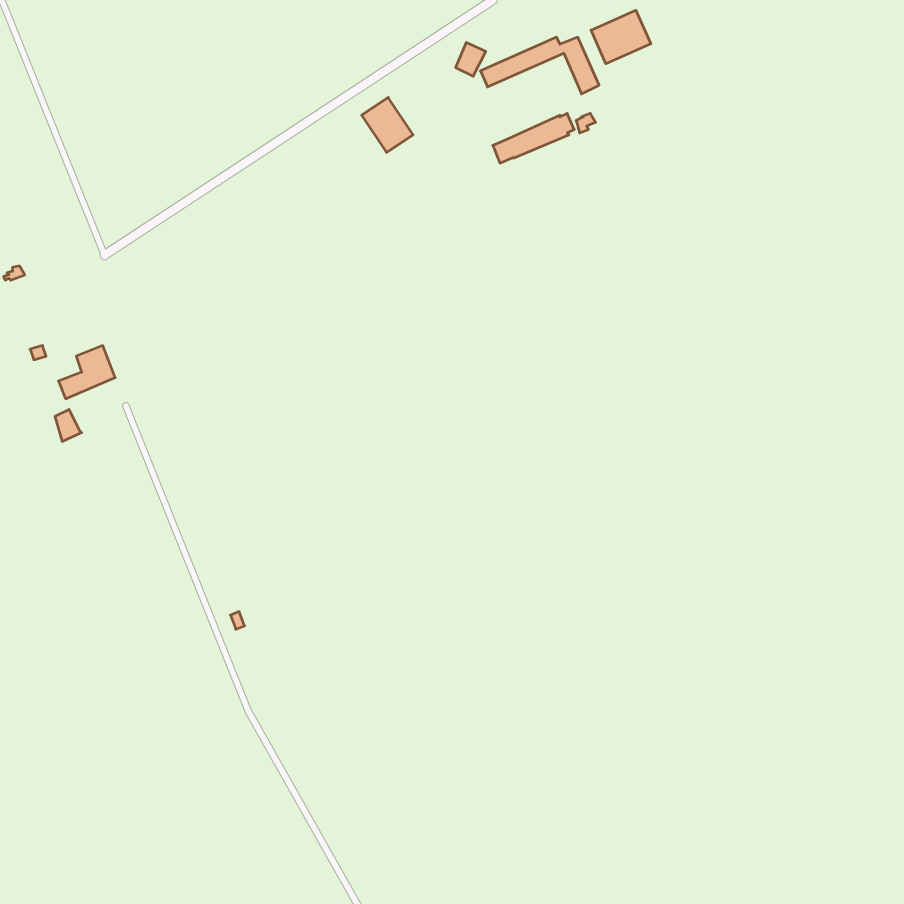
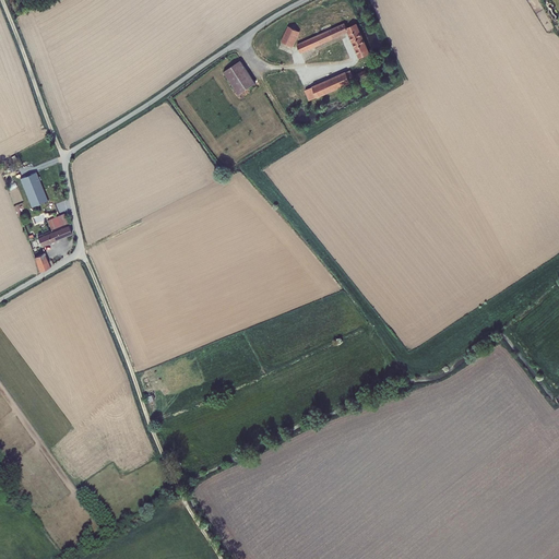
building: [591,10,651,64] -> none
building: none -> [20,173,47,207]

